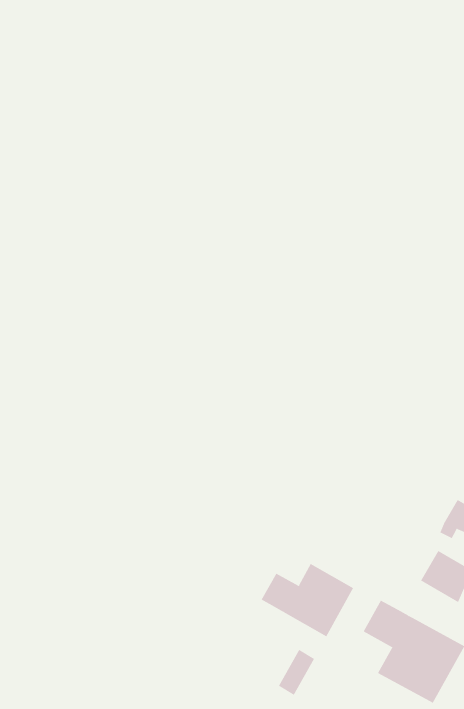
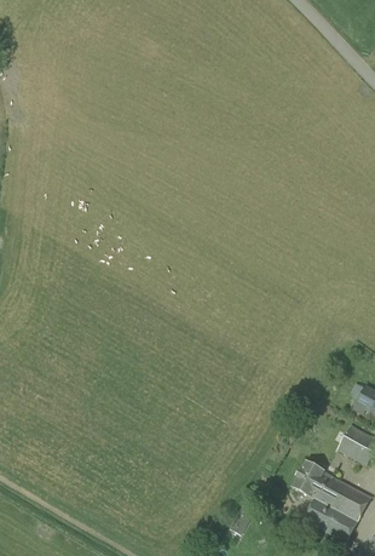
building: [261,563,354,637] -> none

